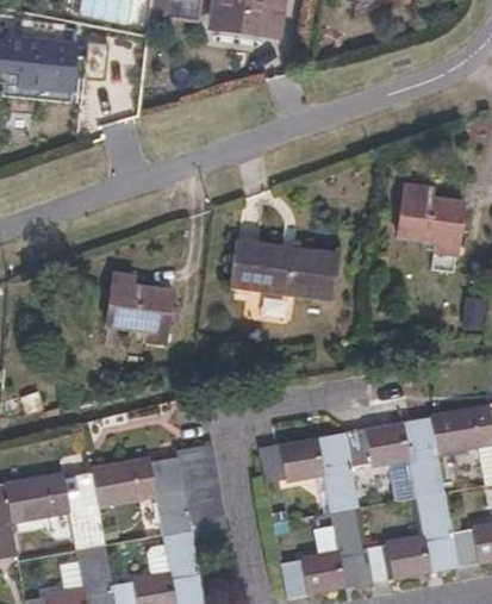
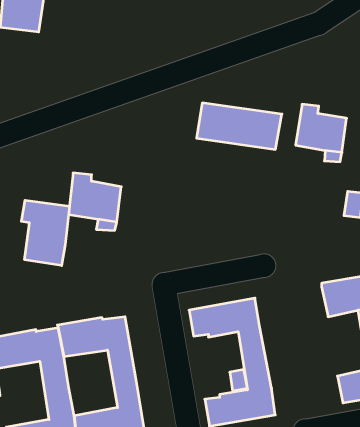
building: [228,239,337,299] -> [197,103,282,149]
building: none -> [21,200,69,266]
building: [345,418,459,583] -> none
building: [178,446,228,537] -> none

